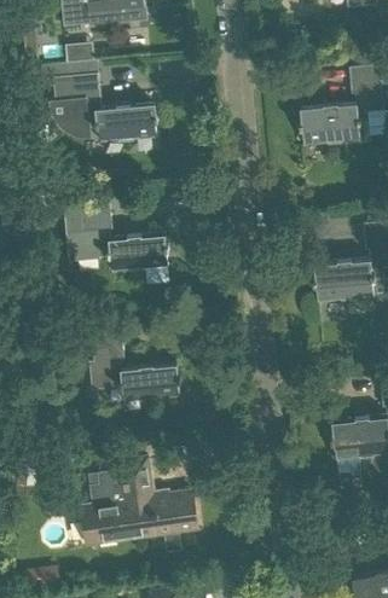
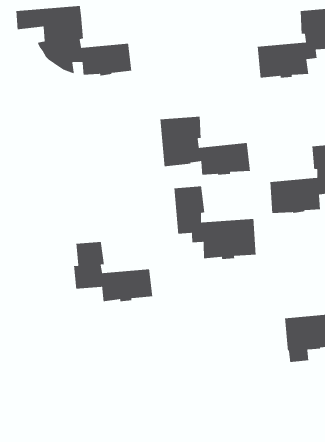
building: [62,203,167,272] -> [160,116,251,176]
building: none -> [174,185,257,260]
building: [80,457,196,544] -> none

